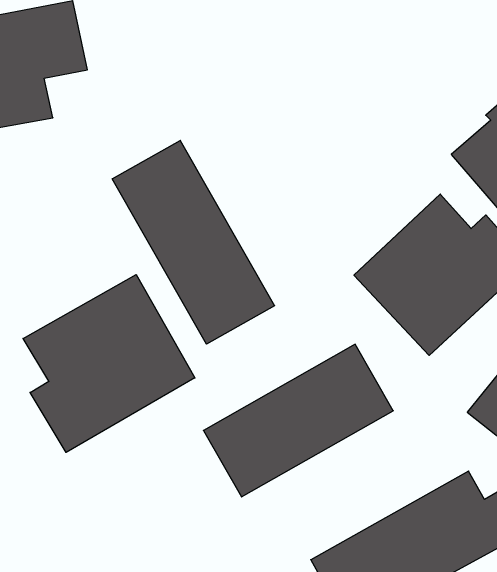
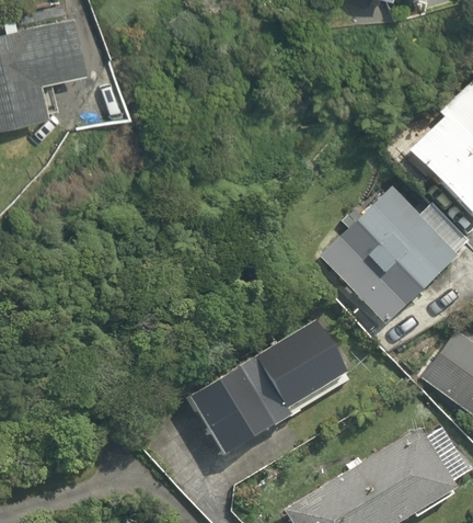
building: [112,140,275,344] -> none
building: [23,275,195,452] -> none

